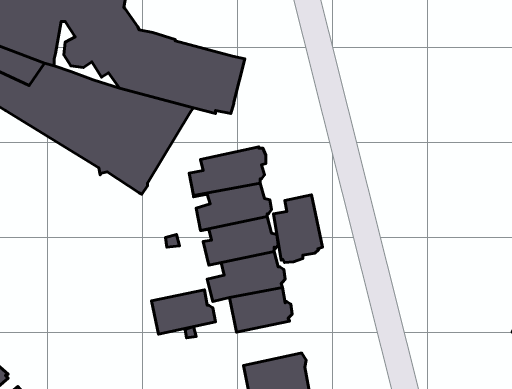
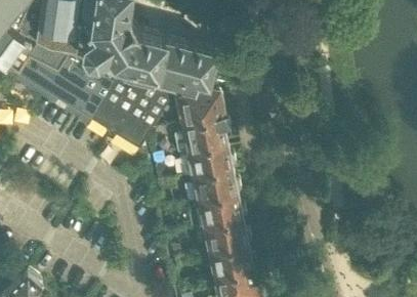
building: none -> [175,88,225,126]
building: [273,195,323,263] -> none
building: [152,290,216,334] -> [209,245,256,278]

